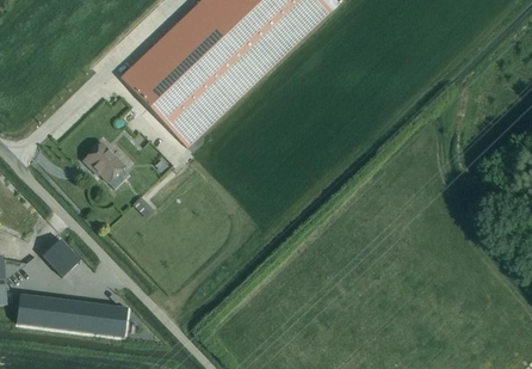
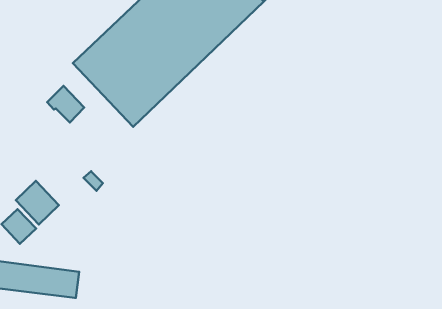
building: [83,141,124,182] -> [47,86,84,123]
building: none -> [16,181,59,225]

